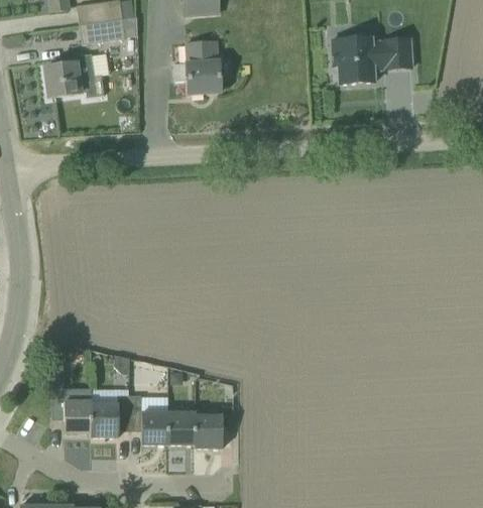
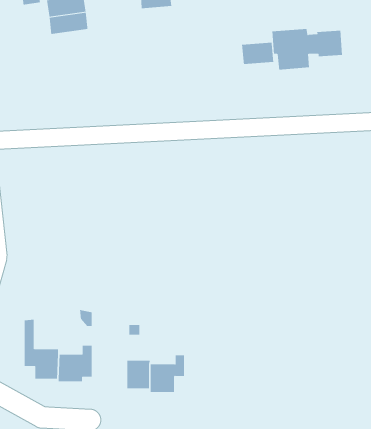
building: [174,40,221,93] -> none
building: none -> [242,42,274,65]
building: [45,52,105,97] -> none
building: [130,394,168,443] -> none

